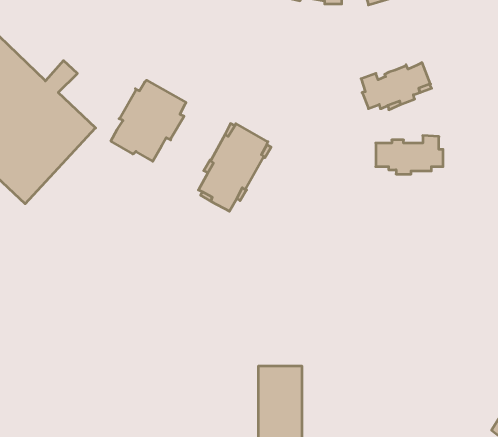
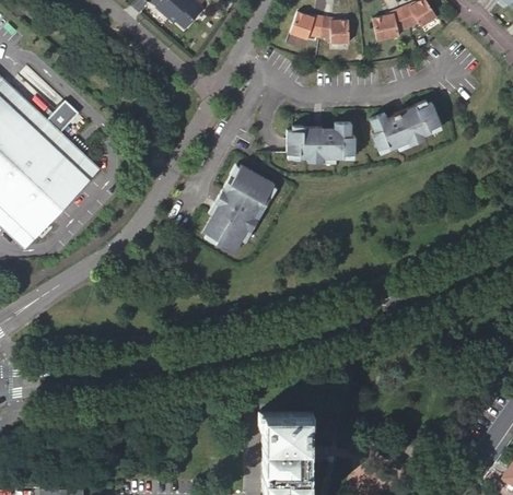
building: [111,80,186,161] -> none
building: [376,136,443,174] -> [287,121,355,161]

